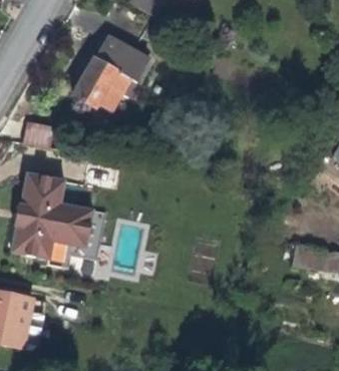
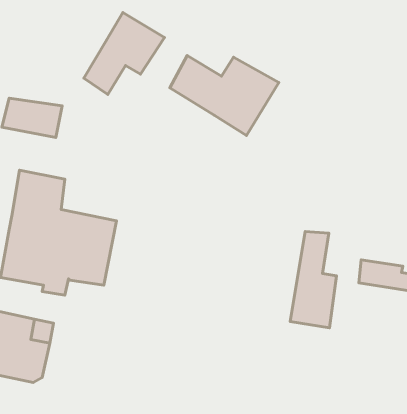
building: none -> [170,55,279,136]
building: none -> [290,231,337,328]

